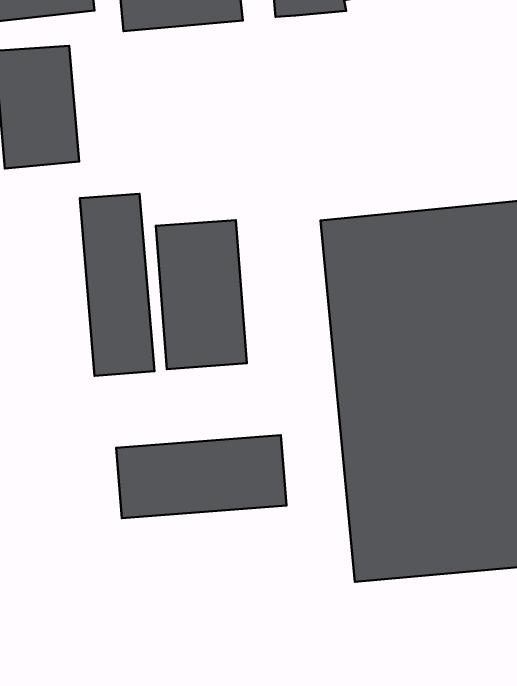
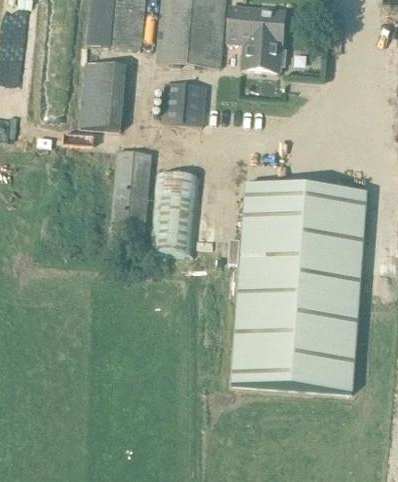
building: none -> [161,80,205,124]
building: [116,435,286,518] -> none

